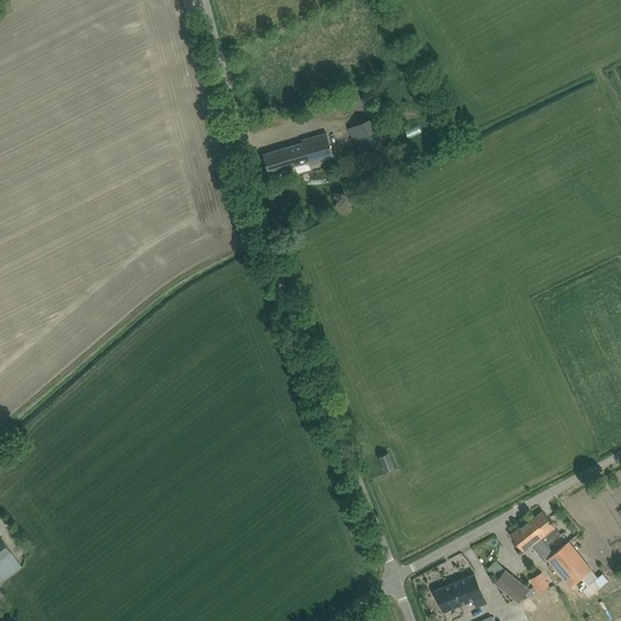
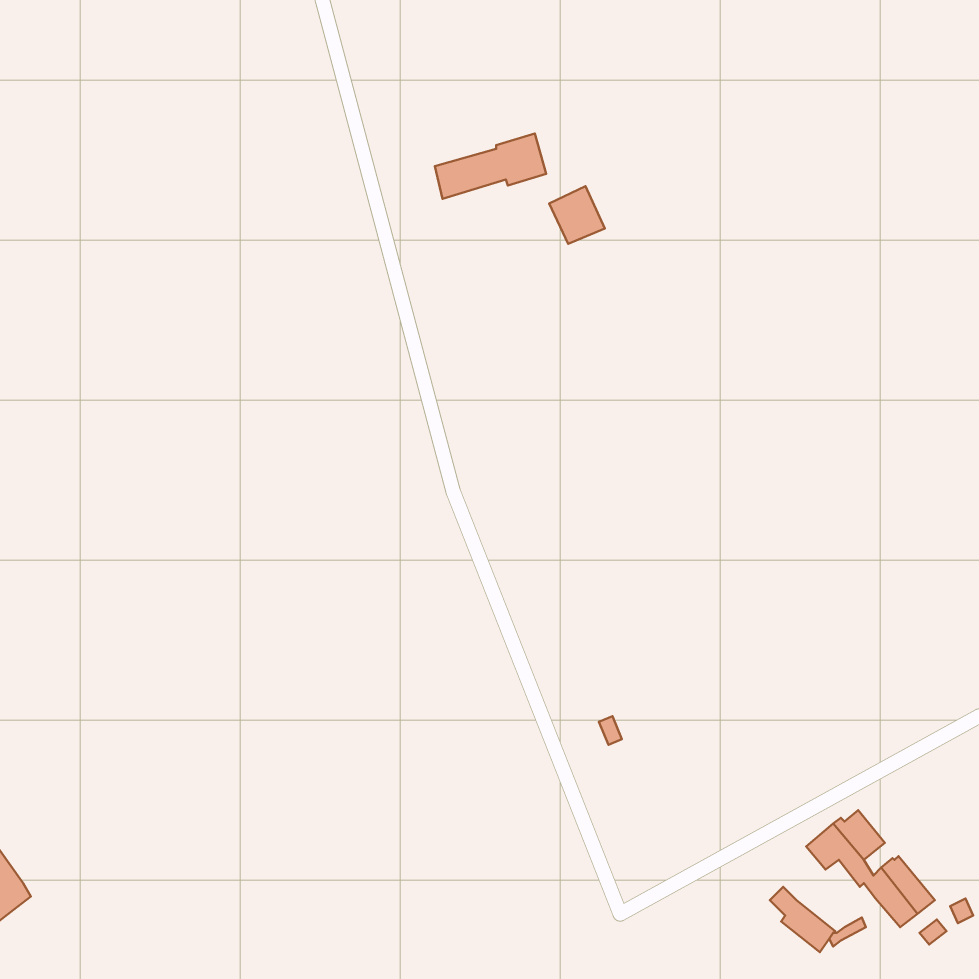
building: [262,133,332,175] -> [435,134,546,199]
building: [434,575,485,611] -> none

